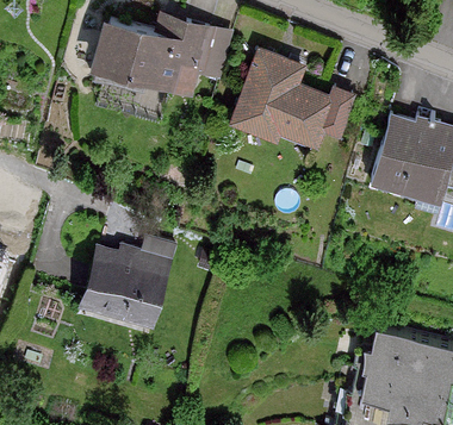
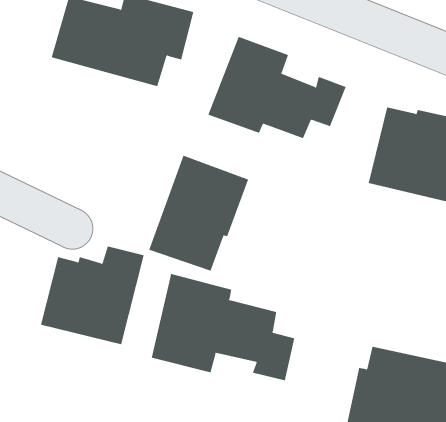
building: none -> [148,155,249,271]
building: none -> [151,273,295,381]

